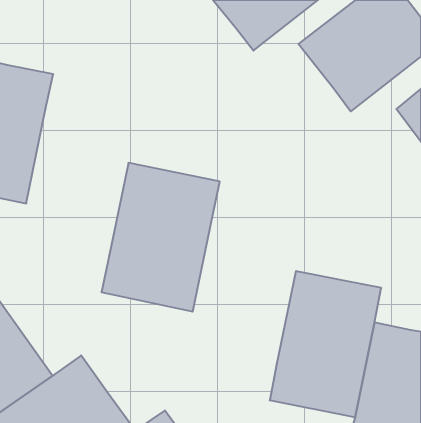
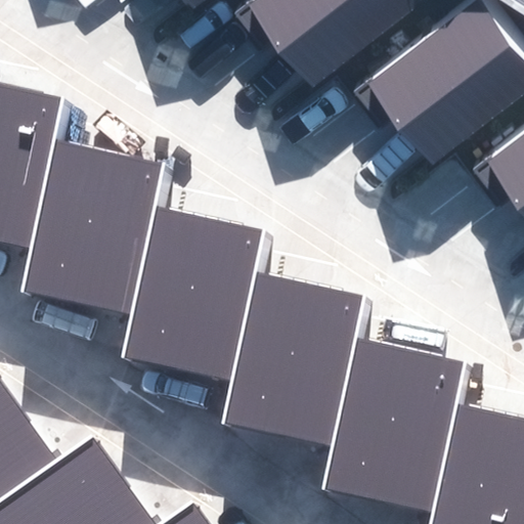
building: none -> [24,142,164,320]
building: none -> [225,274,366,452]

